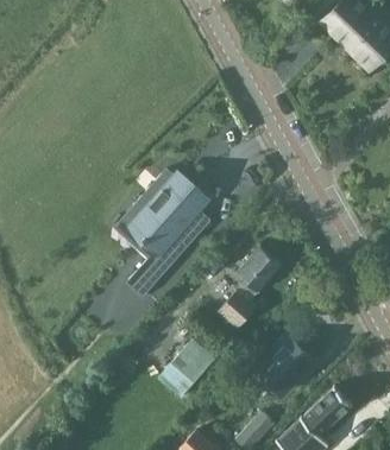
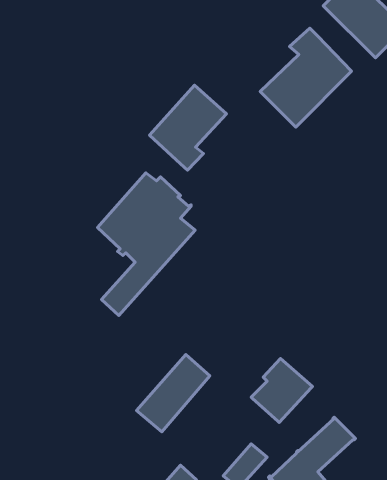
building: none -> [260,28,351,127]
building: none -> [150,85,226,170]
building: [218,248,282,329] -> none

